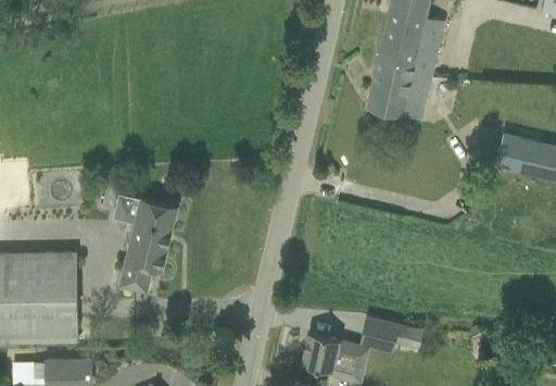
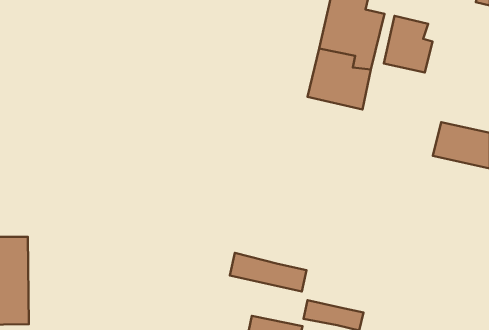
building: none -> [384,16,433,72]
building: [112,196,176,289] -> none
building: none -> [230,253,306,292]

